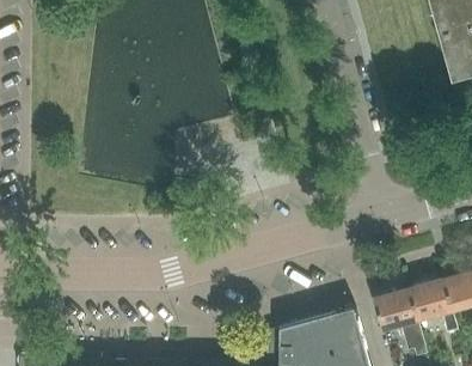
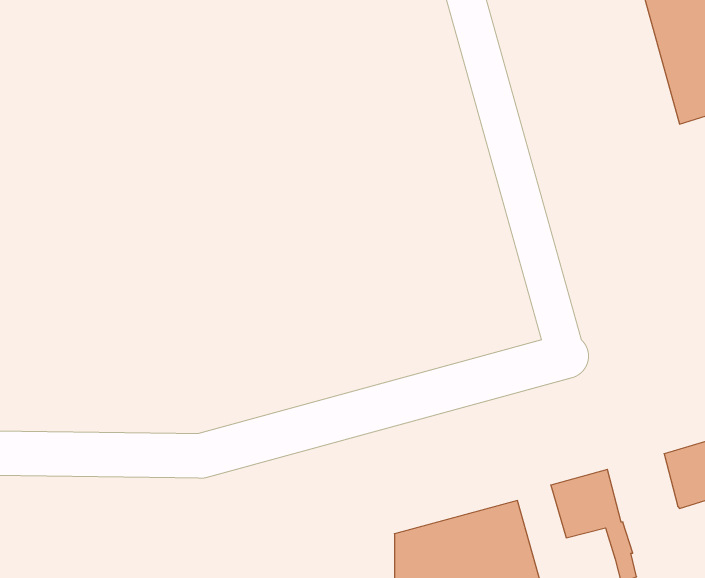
building: [409,280,458,335] -> none

